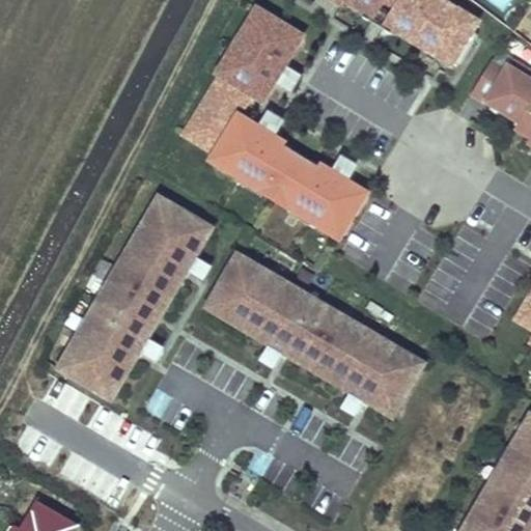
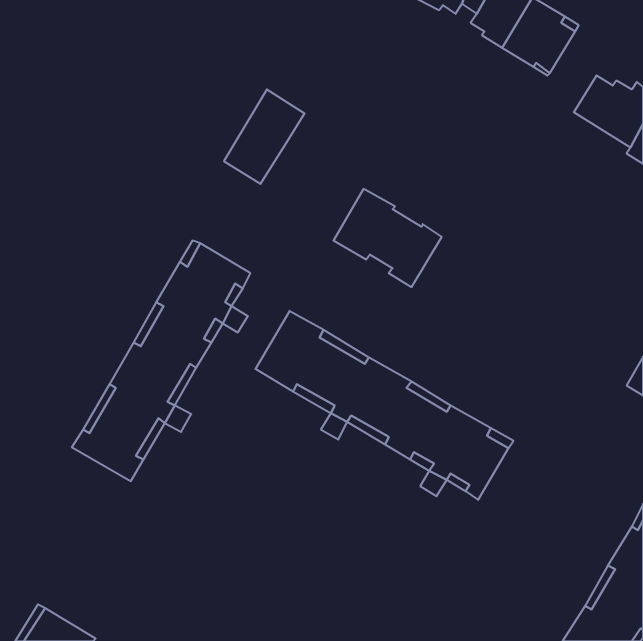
building: [217,8,298,97] -> none
building: [211,117,300,198] -> none

